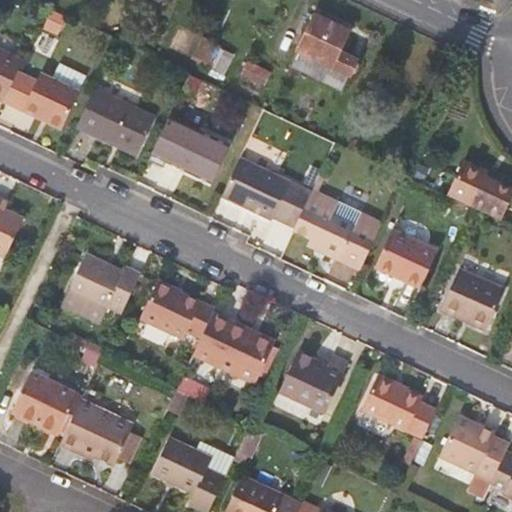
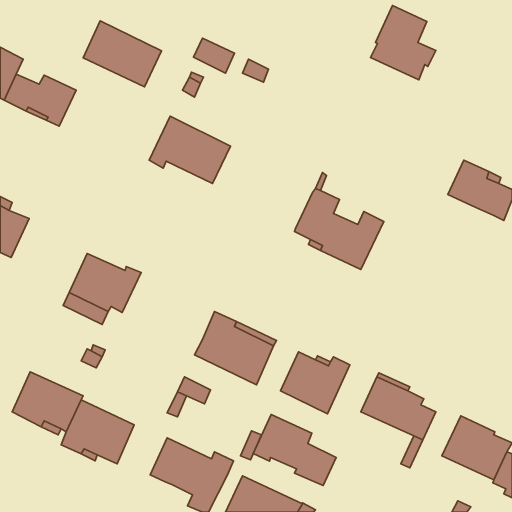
building: [293,13,358,87] -> [371,6,436,80]
building: [77,89,155,155] -> [83,21,161,87]
building: [222,158,312,228] -> none
building: [376,228,438,287] -> none
building: [442,267,505,328] -> none
building: [142,282,215,339] -> none
building: none -> [253,414,336,486]

